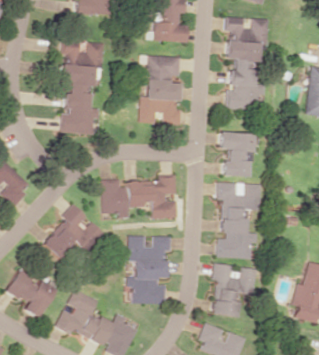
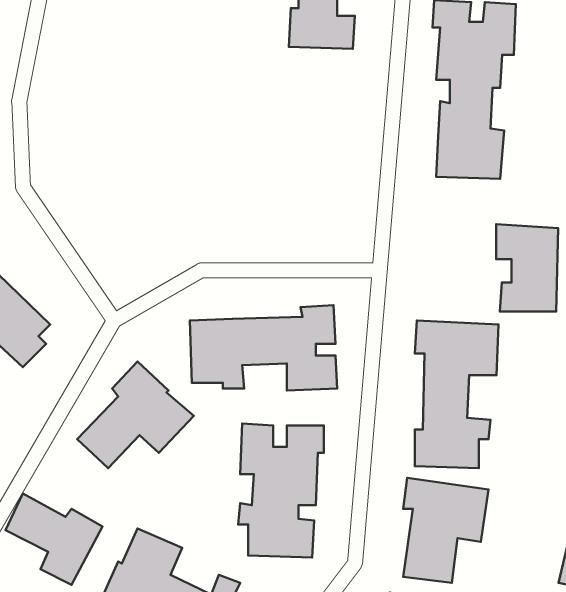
building: [61,40,106,133] -> none
building: [139,55,182,123] -> none
building: [221,131,253,176] -> [496,224,558,311]

